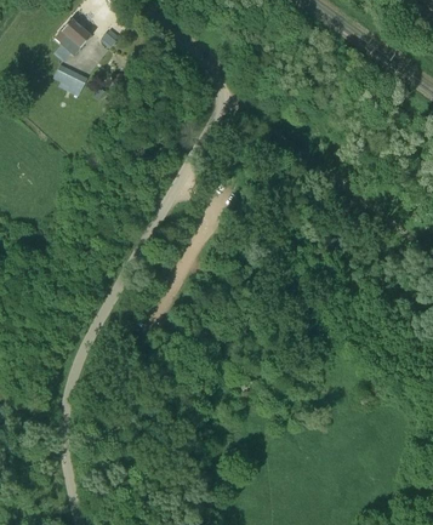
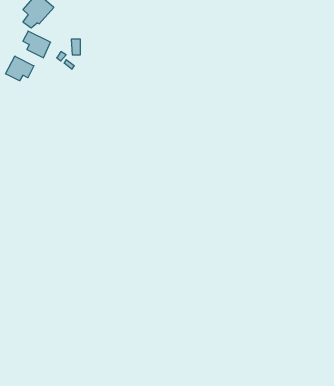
building: none -> [6,56,34,81]

